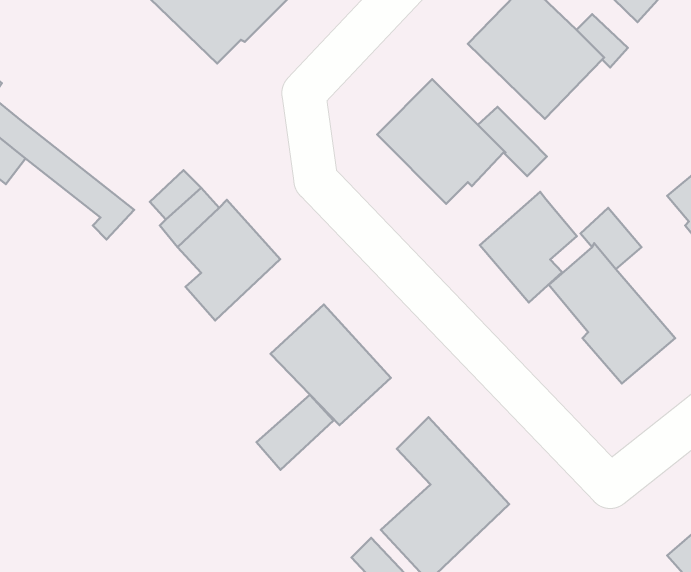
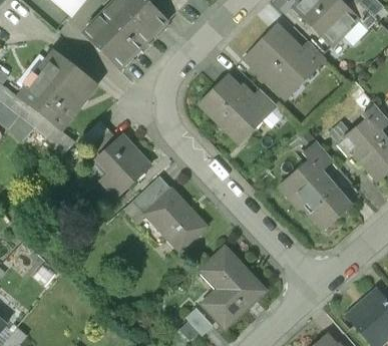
building: none -> [18,49,97,129]
building: [480,192,577,303] -> none
building: [257,395,334,470] -> [132,176,171,214]

